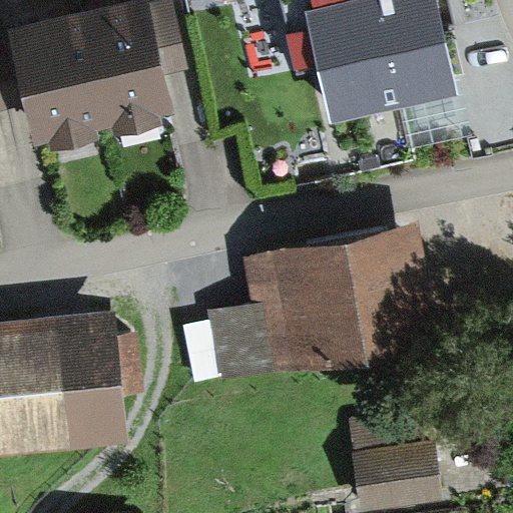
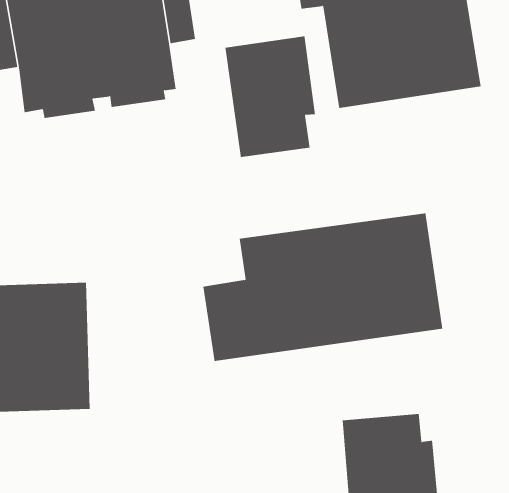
building: none -> [225,35,315,158]

